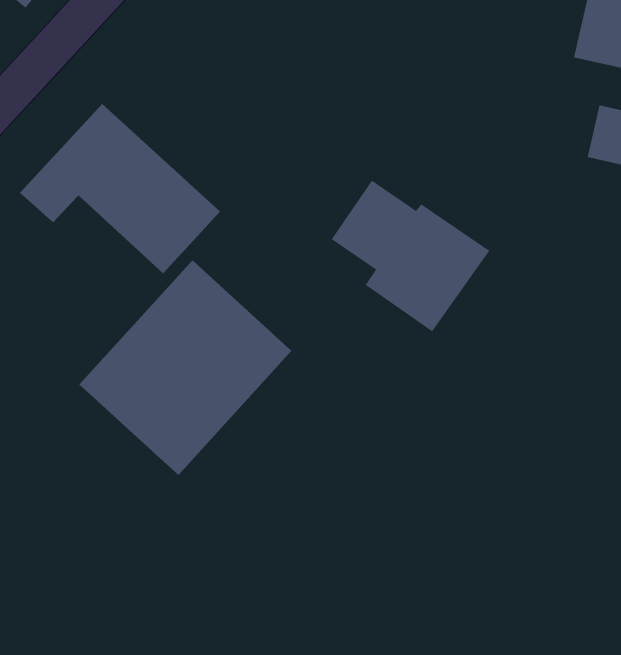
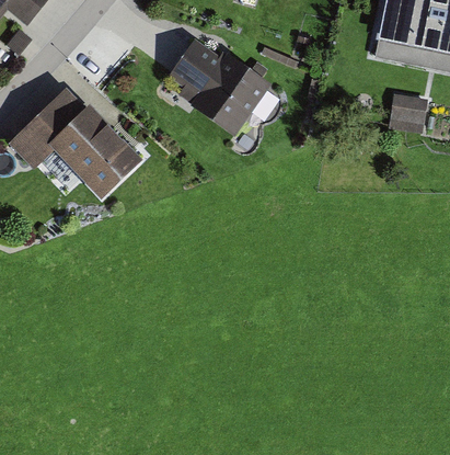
building: [331,180,490,332] -> [161,38,264,137]
building: [78,260,292,476] -> none

